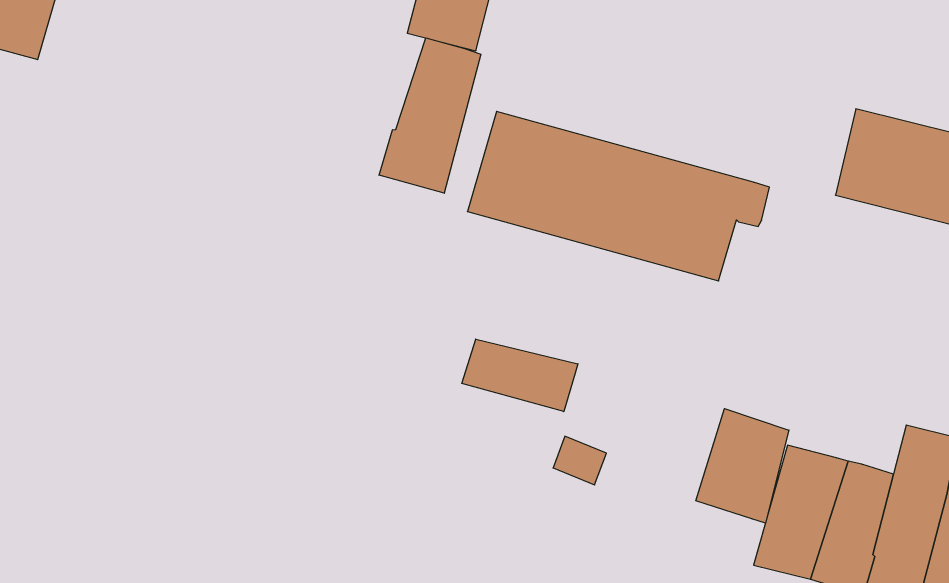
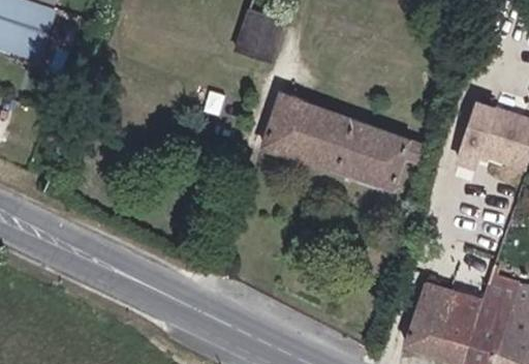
building: [379,38,481,193] -> none
building: [462,339,578,412] -> none
building: [696,409,789,523] -> none

